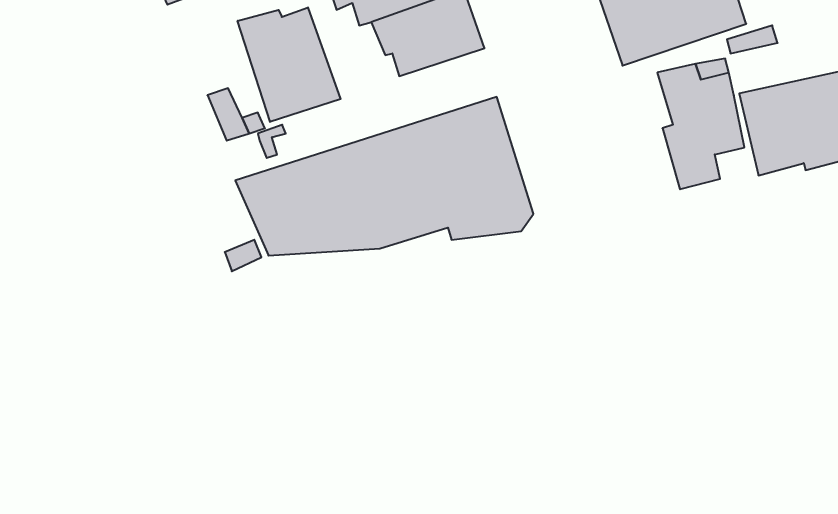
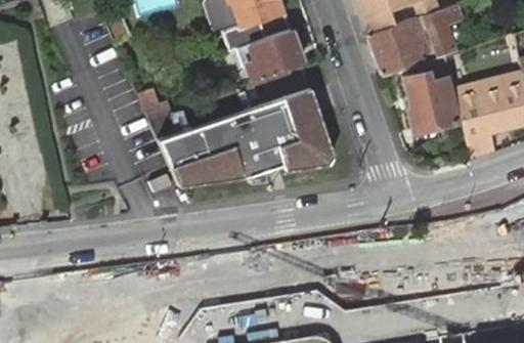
building: [238,7,341,122] -> none

